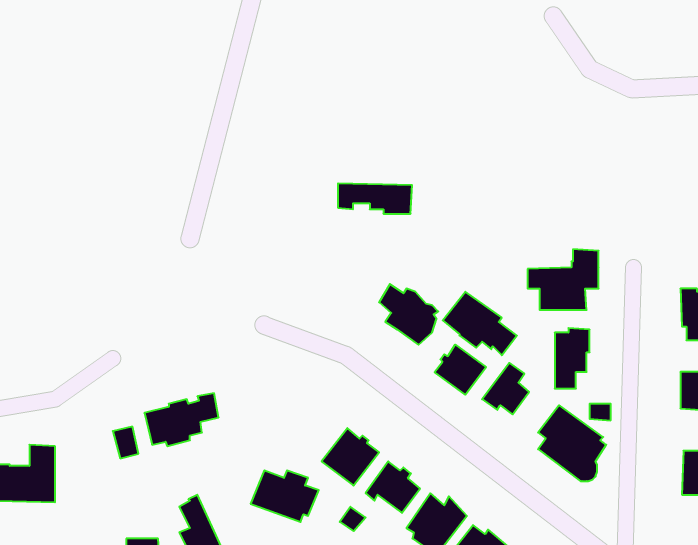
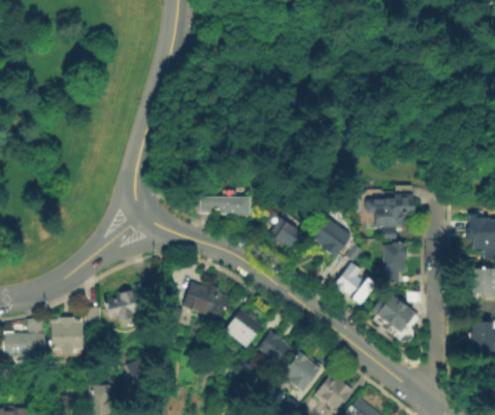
building: [338,183,412,214] -> [200,197,251,218]
building: [435,345,486,395] -> none
building: none -> [50,317,81,355]
building: [251,470,319,522] -> [183,282,229,317]

